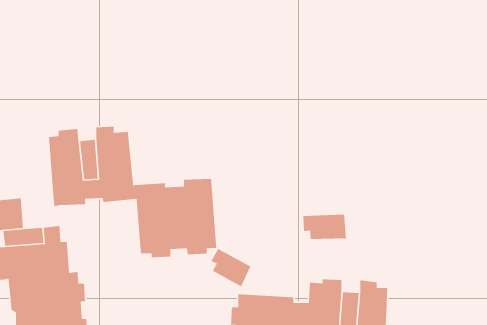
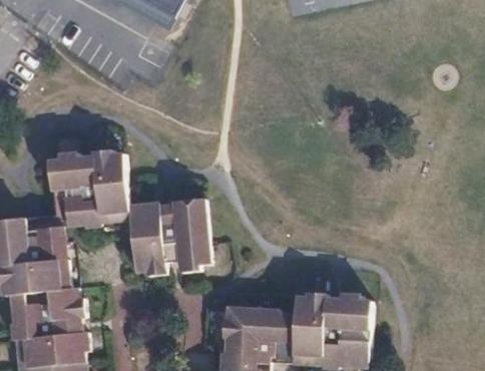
building: none -> [24,214,60,245]
building: [303,214,347,240] -> none
building: [210,248,252,287] -> none

